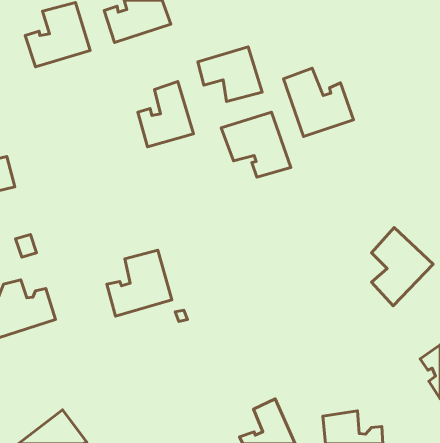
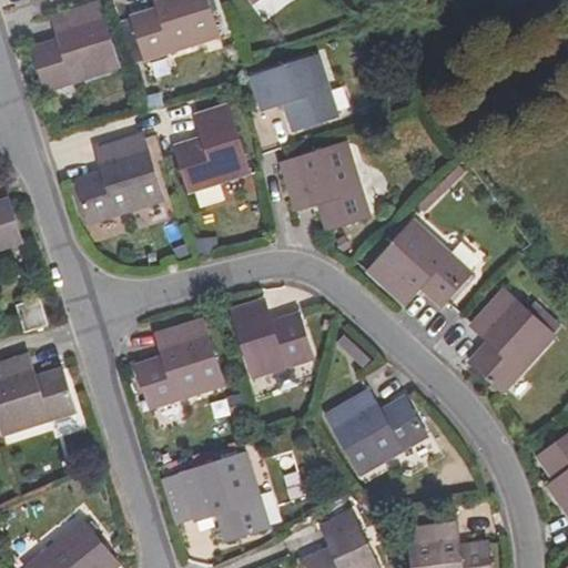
building: [284,68,354,136] -> none
building: none -> [75,139,158,221]
building: none -> [372,224,471,307]
building: none -> [235,302,310,374]
building: none -> [329,392,427,471]
building: none -> [182,456,263,537]

